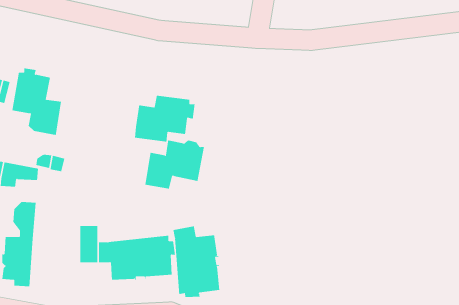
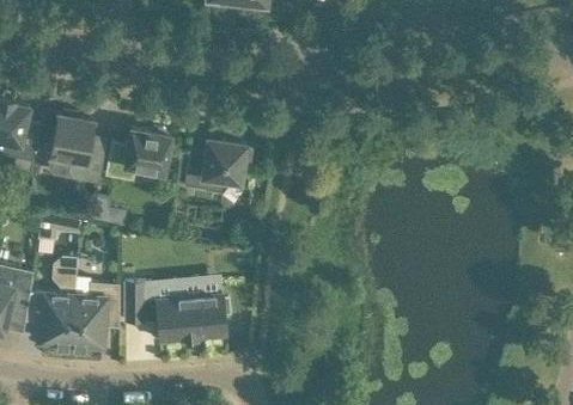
building: [144,140,205,189] -> [105,130,171,184]
building: [173,226,220,298] -> none
building: none -> [71,286,122,352]

